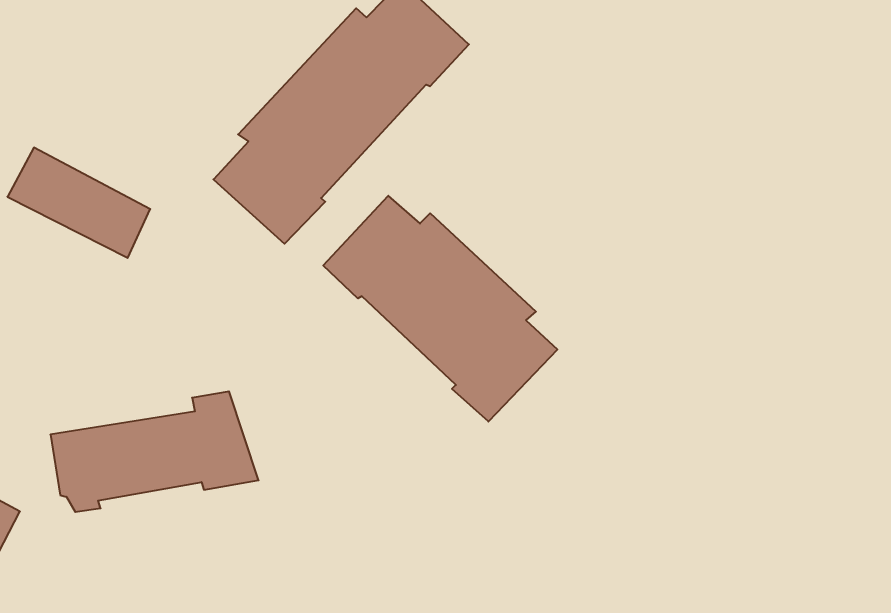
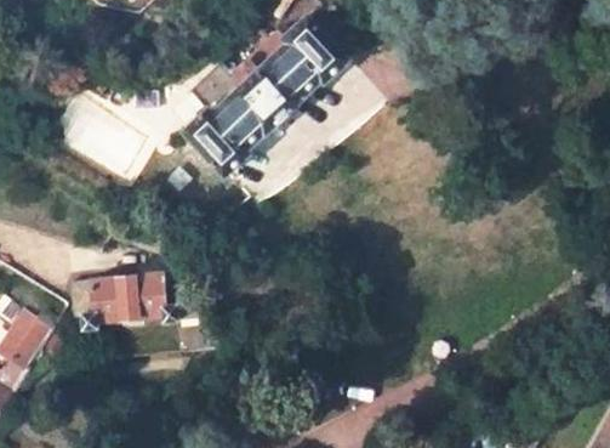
building: [323,196,557,422] -> none

